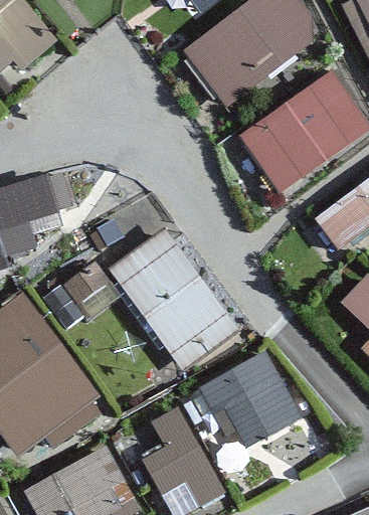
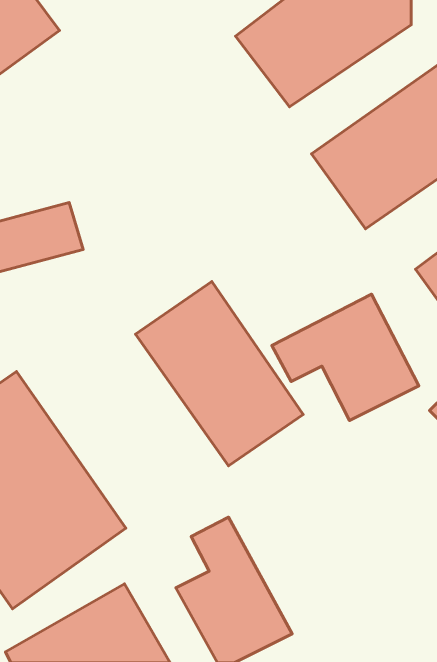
building: [194,353,301,445] -> [272,294,419,420]

